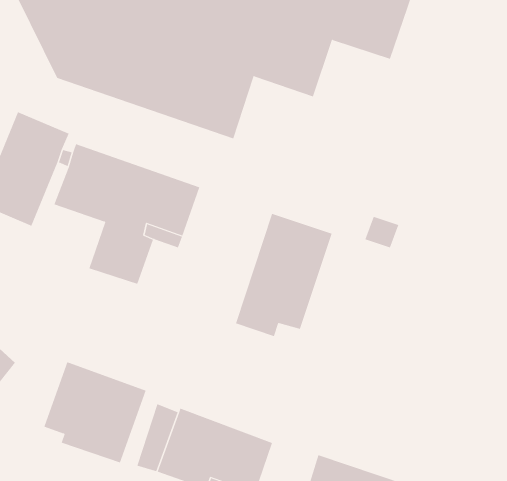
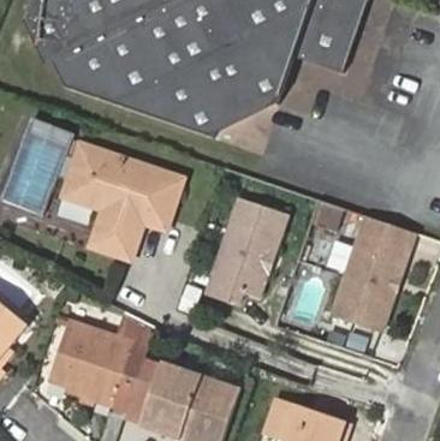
building: none -> [207,85,273,137]
building: none -> [333,224,420,336]
building: none -> [113,312,153,409]

